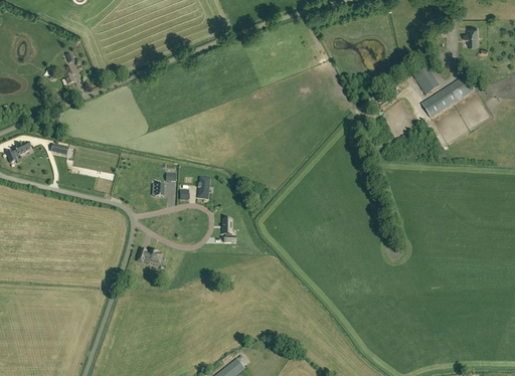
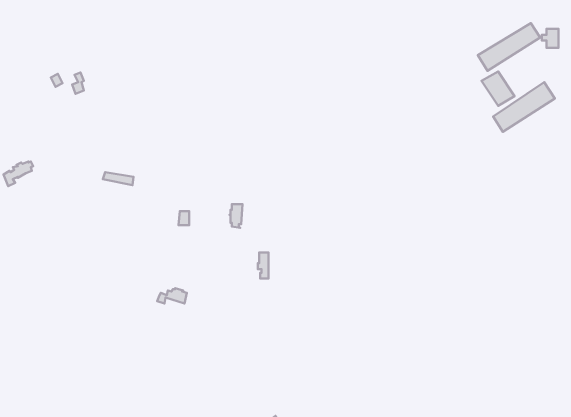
building: none -> [478,23,540,71]

